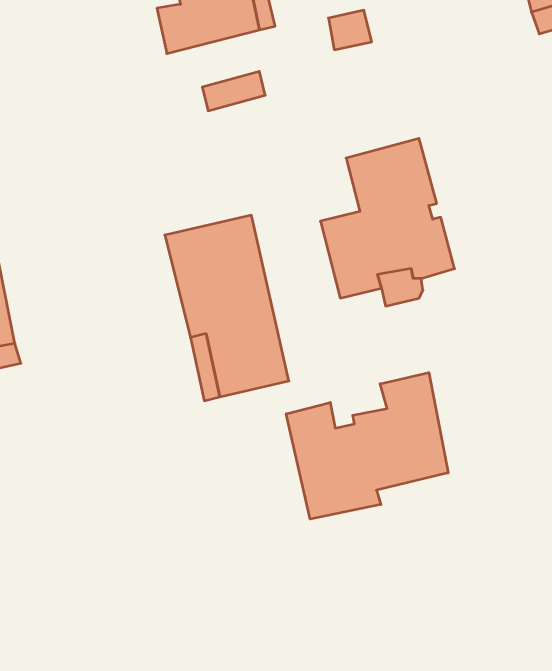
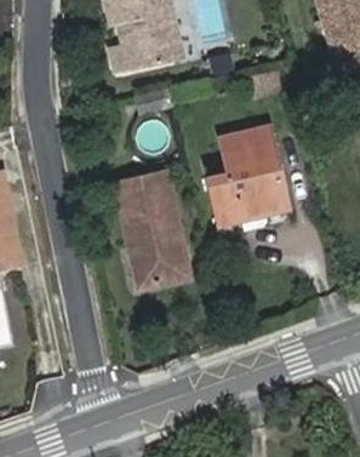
building: [286,373,448,519] -> none

